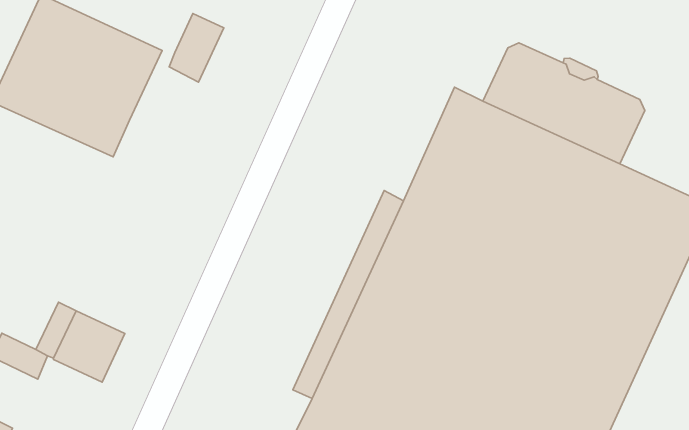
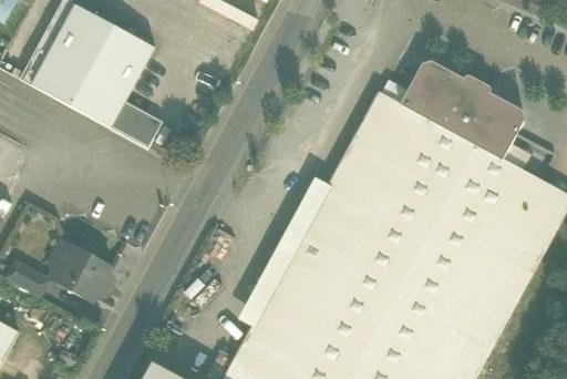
building: [169,13,224,82] -> none
building: none -> [111,101,162,148]

